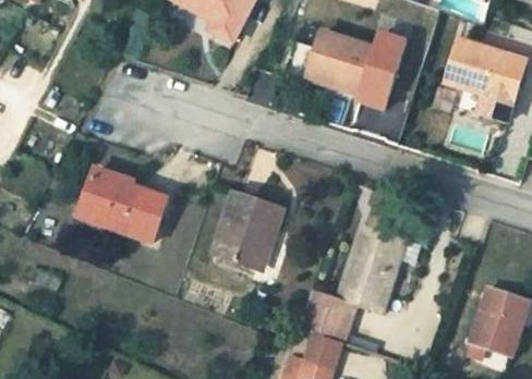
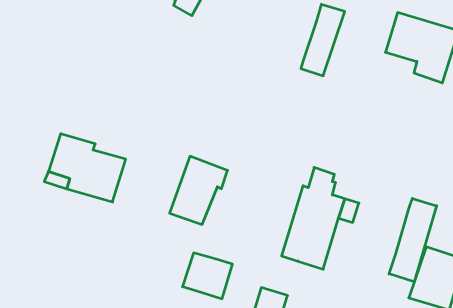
building: [302,30,371,90] -> none
building: none -> [389,198,437,282]
building: [298,292,351,341] -> [182,253,232,299]

